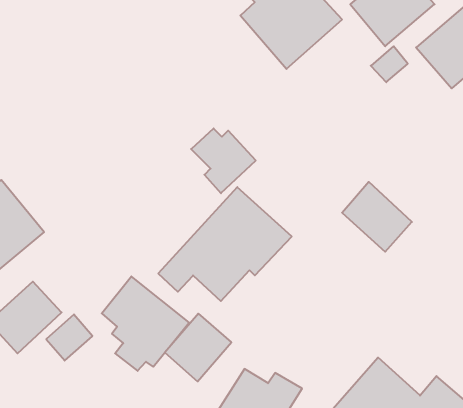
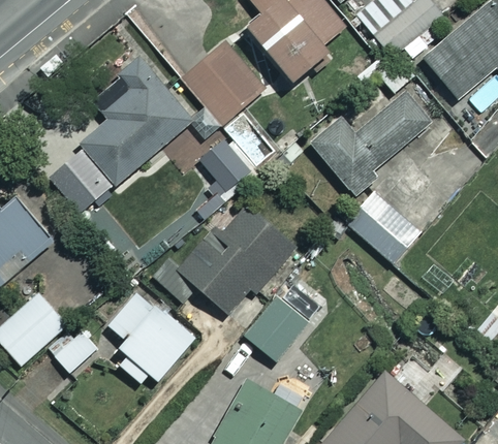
building: none -> [180,40,264,125]
building: none -> [48,57,192,217]
building: none -> [308,85,429,198]
building: [165,314,231,381] -> [243,294,310,362]

